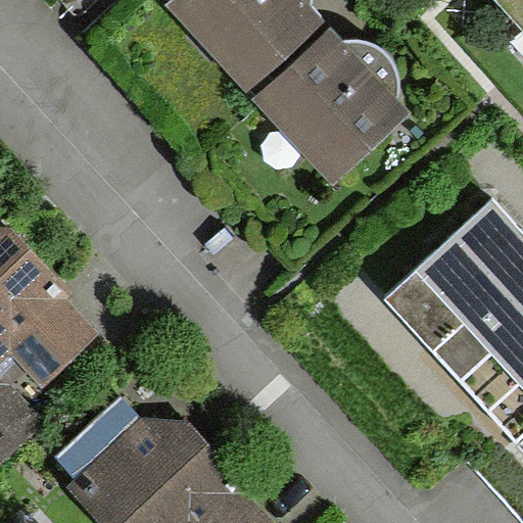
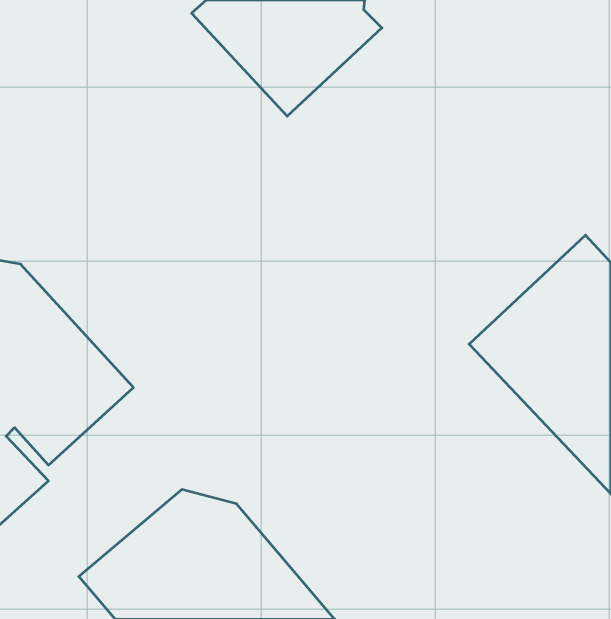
building: [242,23,407,187] -> none

